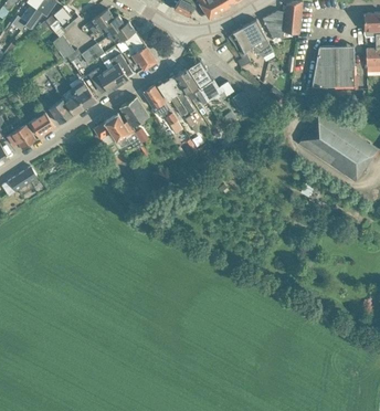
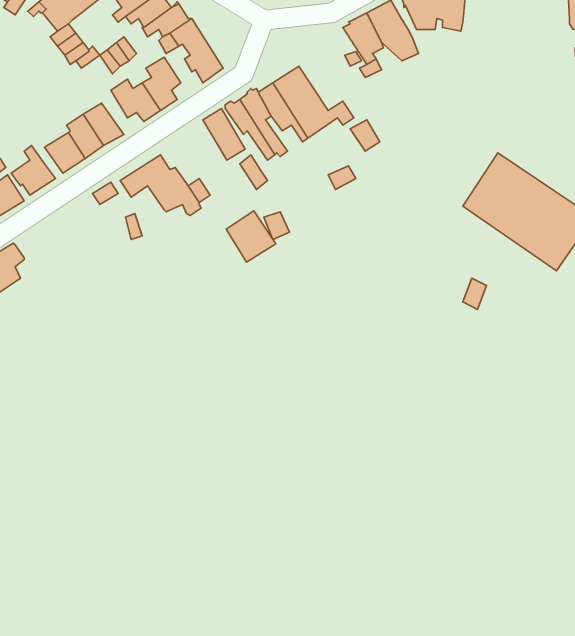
building: [312,46,358,89] -> none
building: [119,96,149,127] -> [226,211,276,262]

